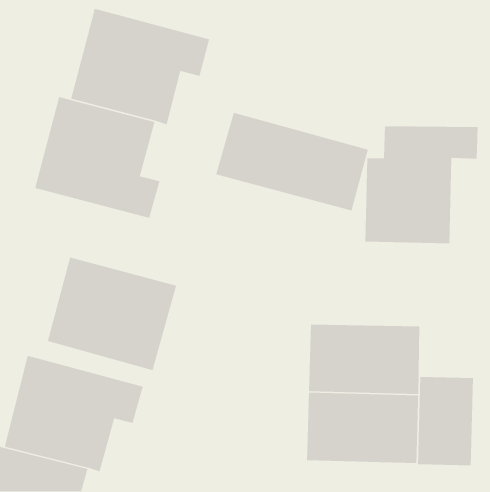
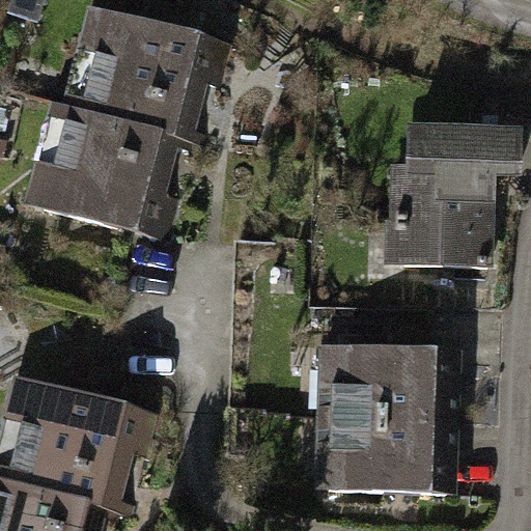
building: [215,112,369,212] -> none
building: [47,257,177,371] -> none
building: [417,376,474,466] -> none

